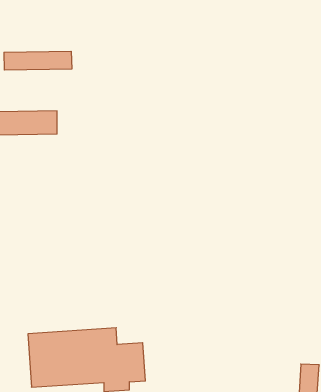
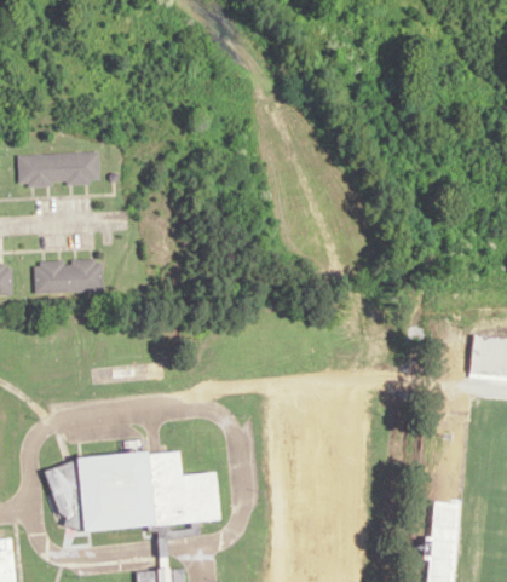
building: [4,51,72,70] -> none
building: none -> [34,260,103,293]

